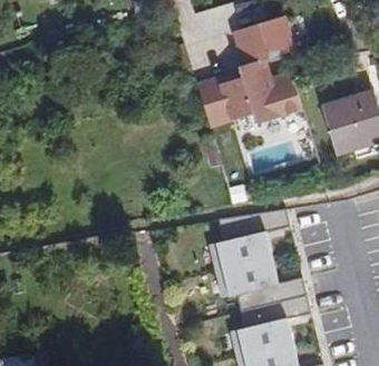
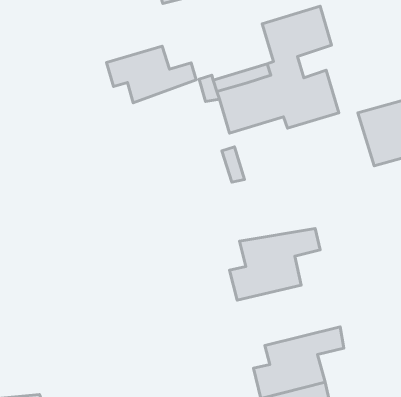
building: none -> [107,46,196,103]
building: [214,259,305,313] -> none

